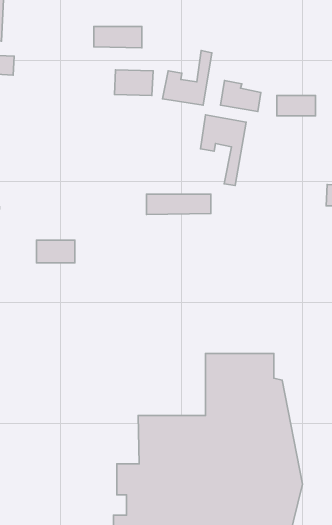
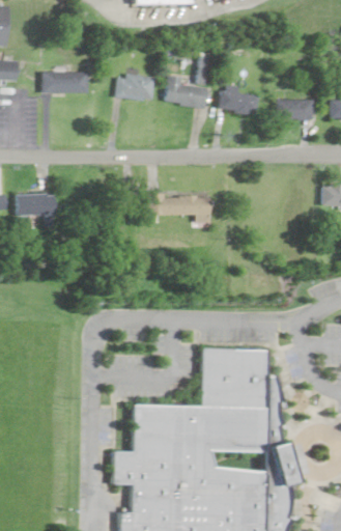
building: [94,26,142,48] -> [40,73,87,93]
building: [200,115,246,185] -> none
building: [36,240,75,263] -> [16,194,53,216]

